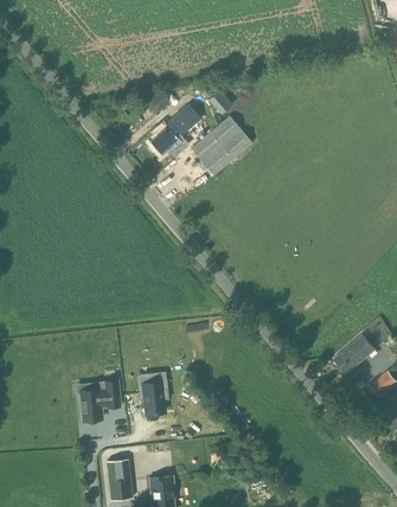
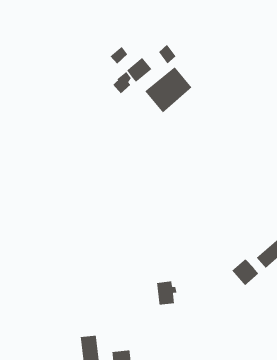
building: none -> [231,258,259,286]
building: [81,370,121,410] -> none
building: [140,372,167,404] -> [156,281,178,306]

